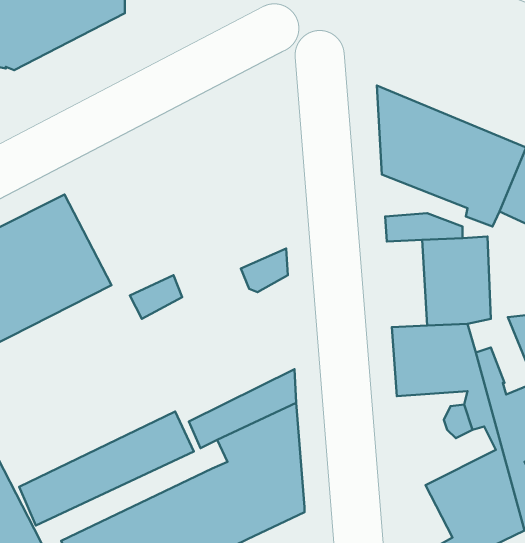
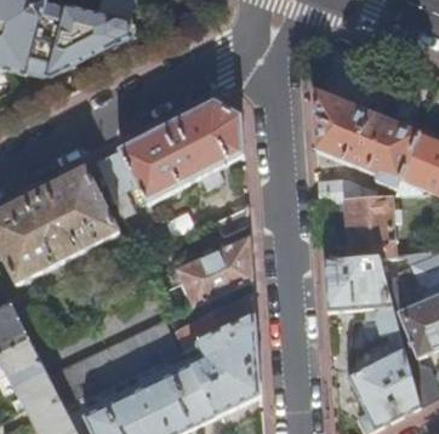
building: none -> [97,99,243,206]
building: none -> [175,234,251,304]

